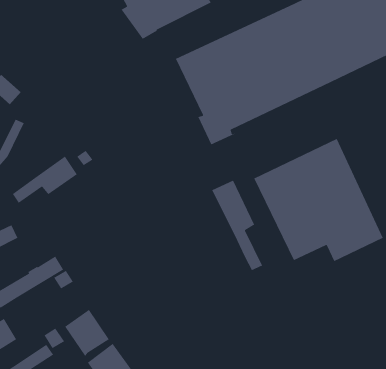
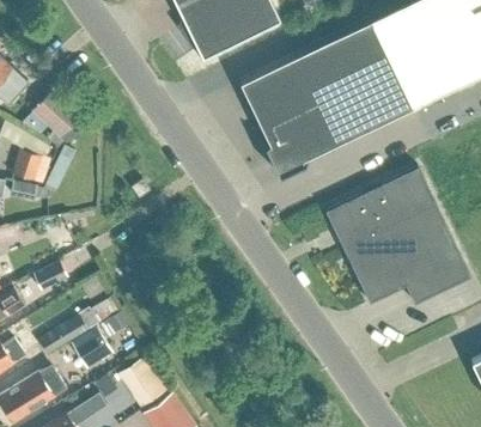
building: [12,156,78,204] -> none
building: [211,180,263,271] -> none
building: none -> [74,331,114,371]

